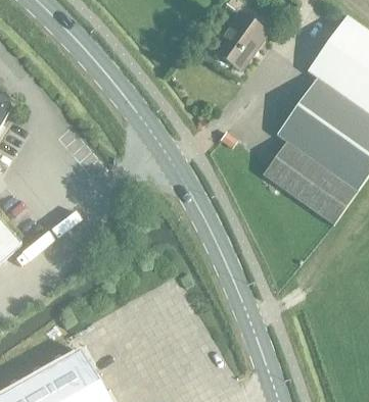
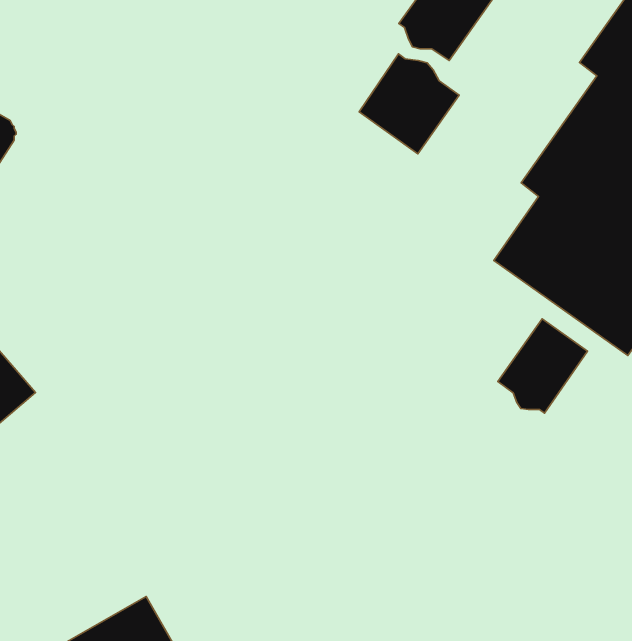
building: none -> [359,54,459,154]
building: none -> [498,319,587,413]

